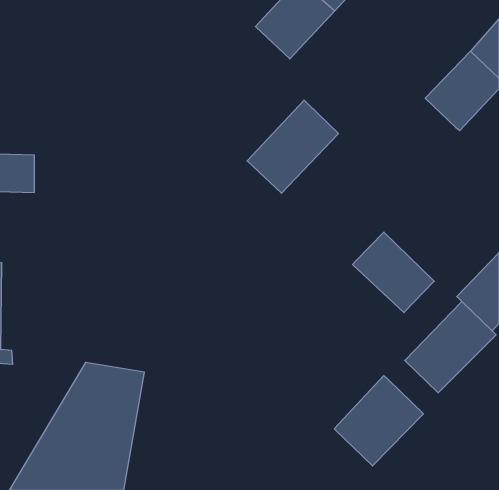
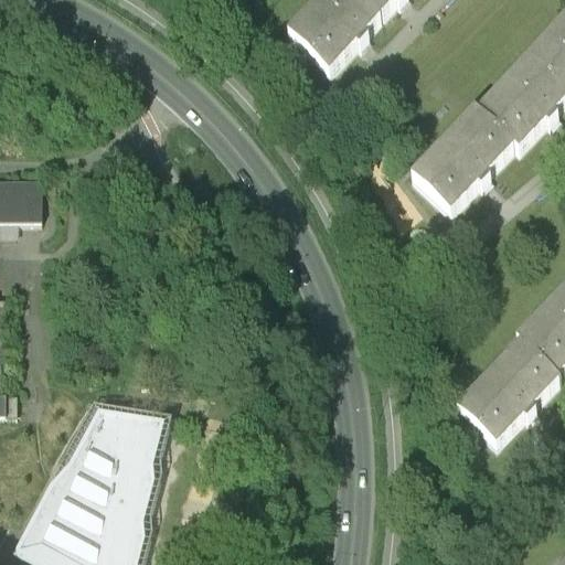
building: [247,100,338,193] -> [409,106,512,211]
building: [353,232,434,313] -> none
building: [334,376,423,466] -> none

